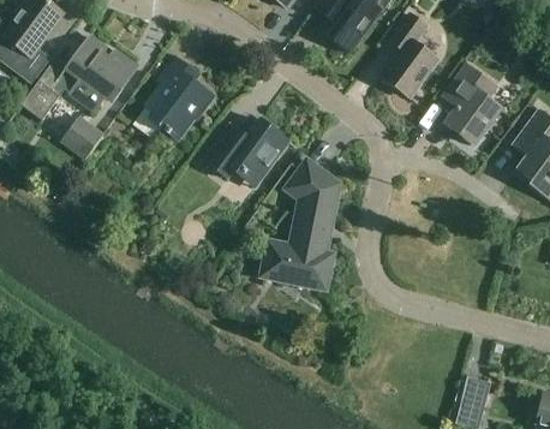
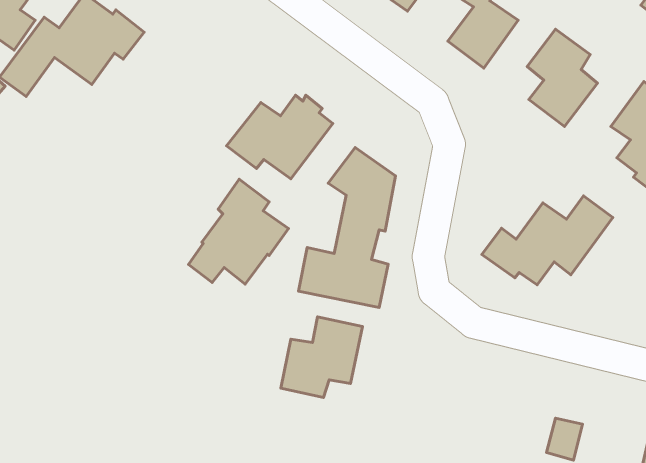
building: [133,55,214,139] -> [188,179,289,284]
building: [61,114,106,160] -> none
building: none -> [482,196,613,285]
building: none -> [281,317,362,398]

